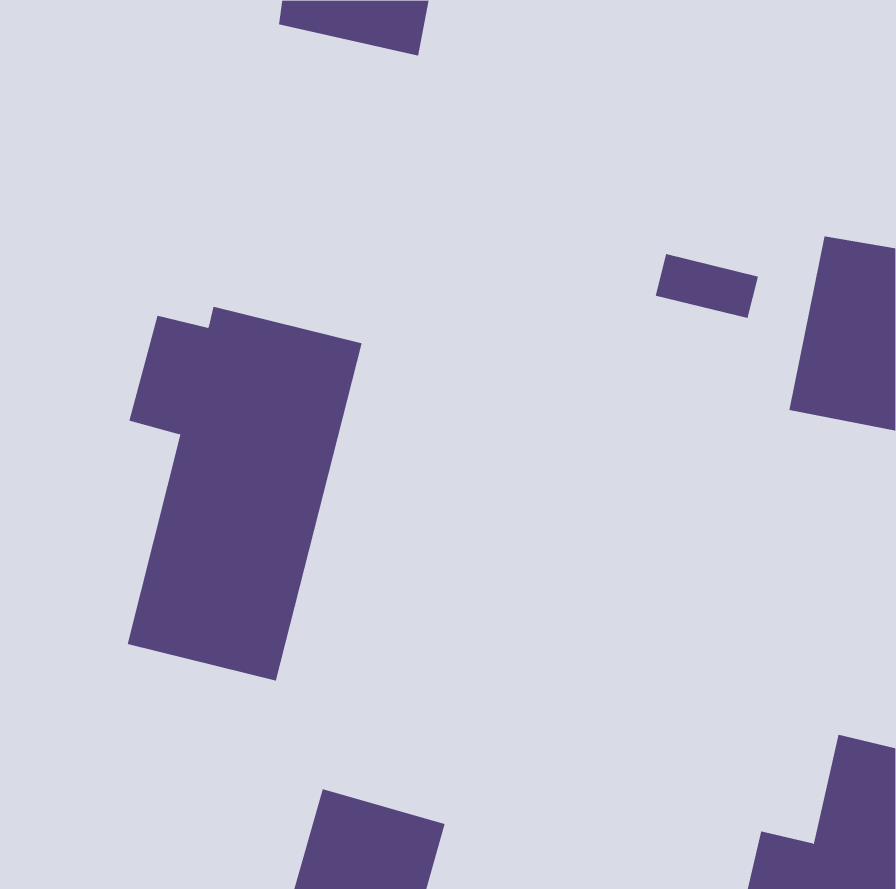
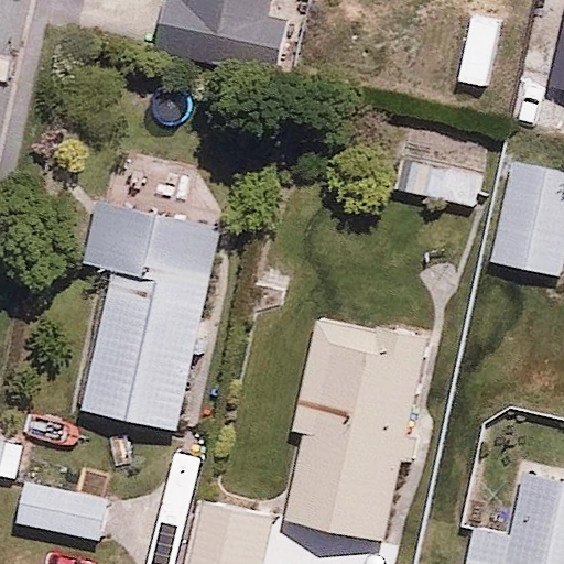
building: none -> [278,322,426,538]
building: none -> [14,481,116,546]

